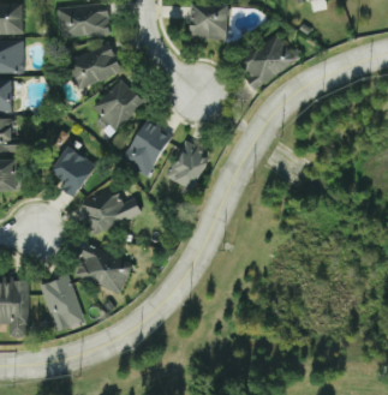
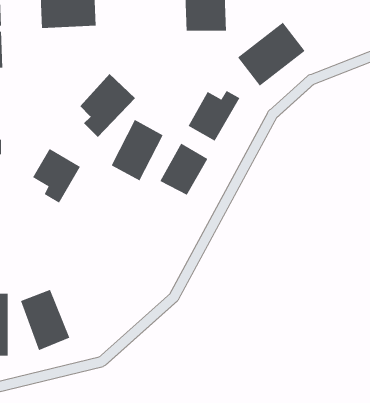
building: [65,42,121,90] -> none
building: none -> [188,90,240,142]
building: [79,190,141,234] -> none
building: [72,244,132,295] -> none

